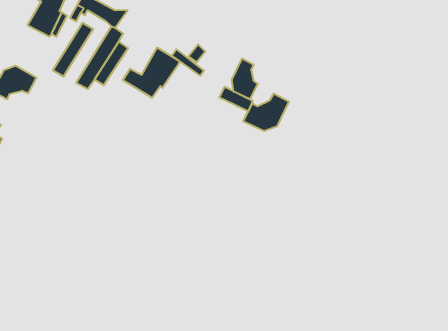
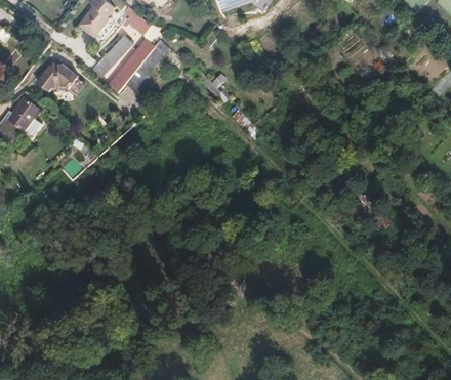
building: [123,48,180,98] -> none
building: [232,58,258,99] -> none
building: [243,94,289,131] -> none

